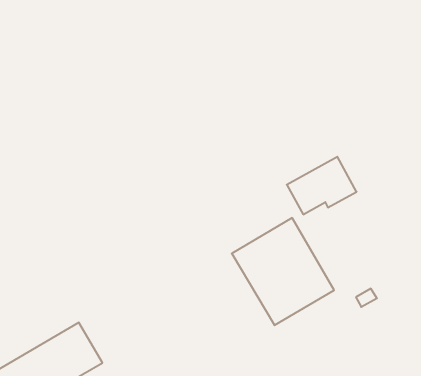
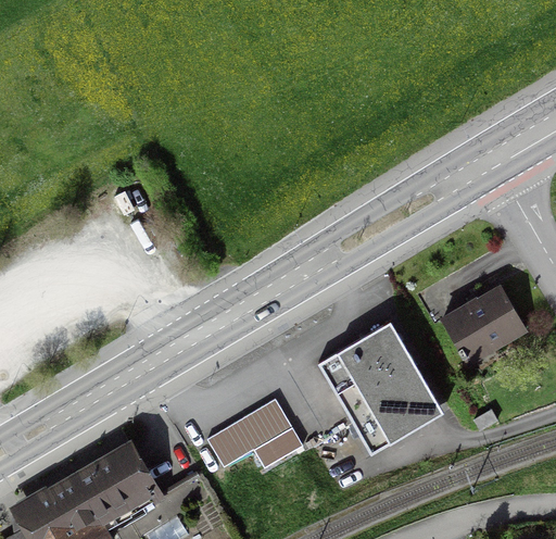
building: [287,157,357,214] -> [441,286,528,358]
building: none -> [205,397,304,467]

